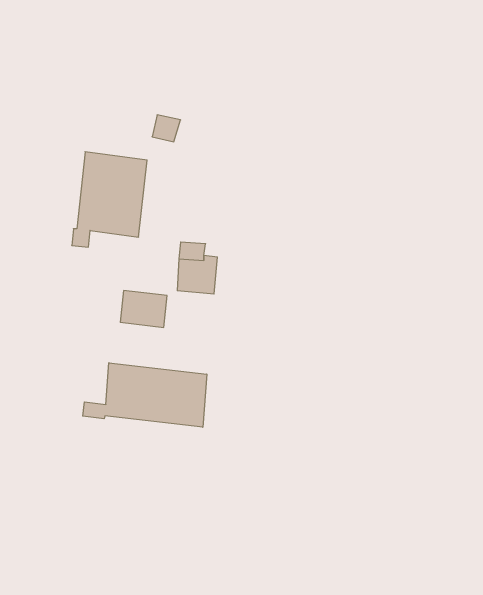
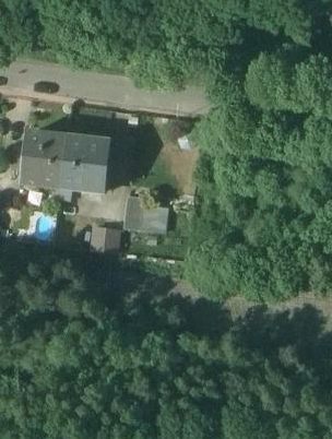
building: none -> [20,130,67,195]
building: [83,363,207,427] -> none

